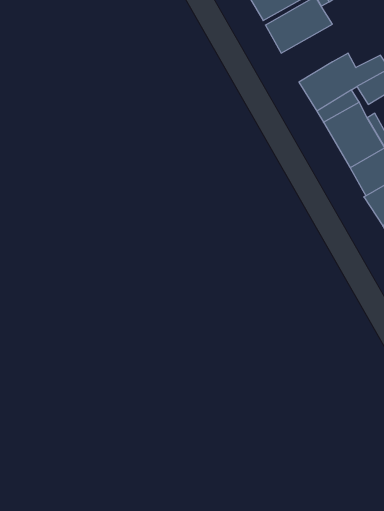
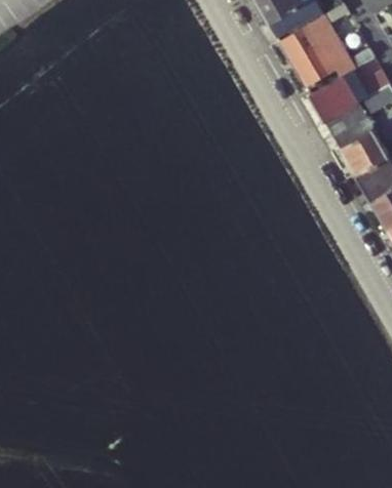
building: none -> [290,39,374,83]

